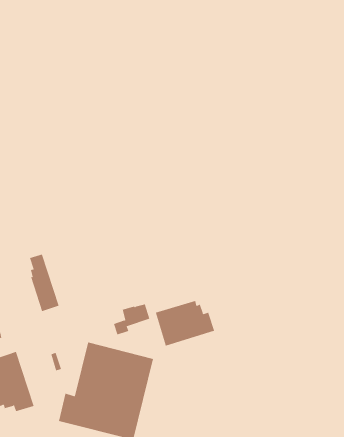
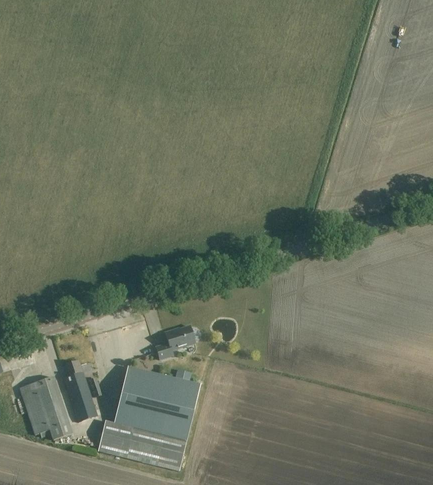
building: [29,254,59,312] -> [65,359,97,420]
building: [155,300,215,347] -> none

